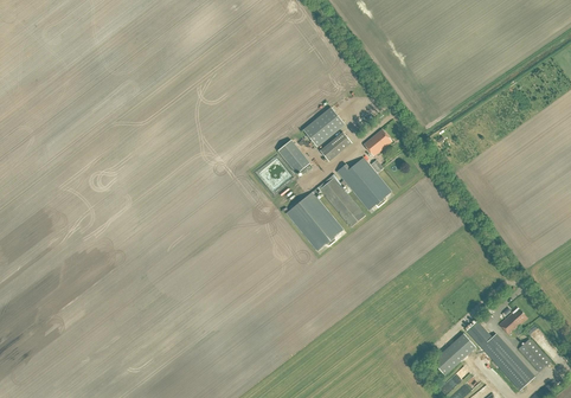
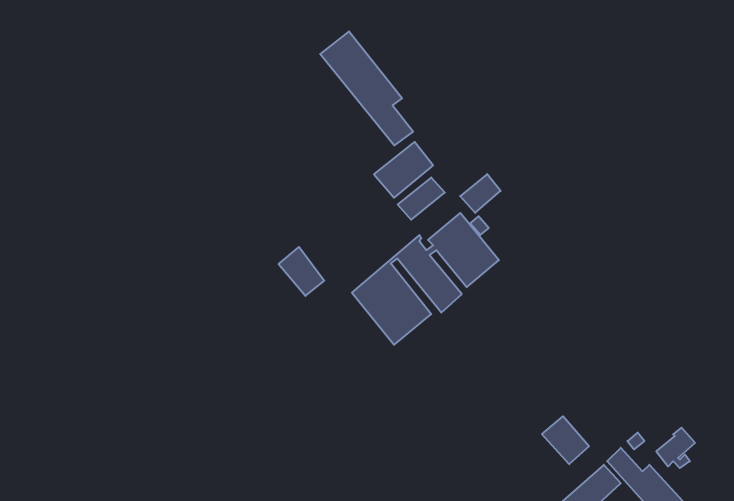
building: none -> [320,31,413,145]
building: [277,139,309,173] -> [279,247,324,296]
building: none -> [542,416,589,464]

